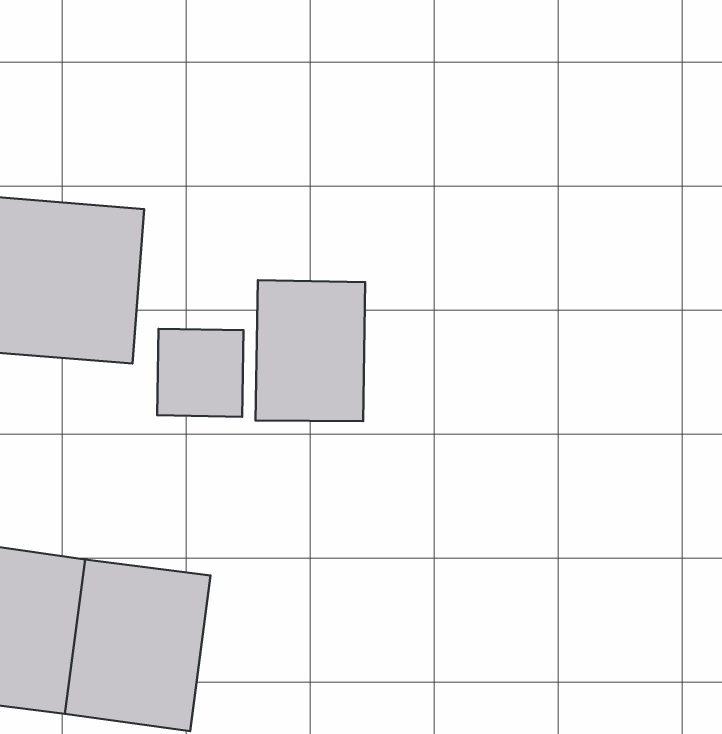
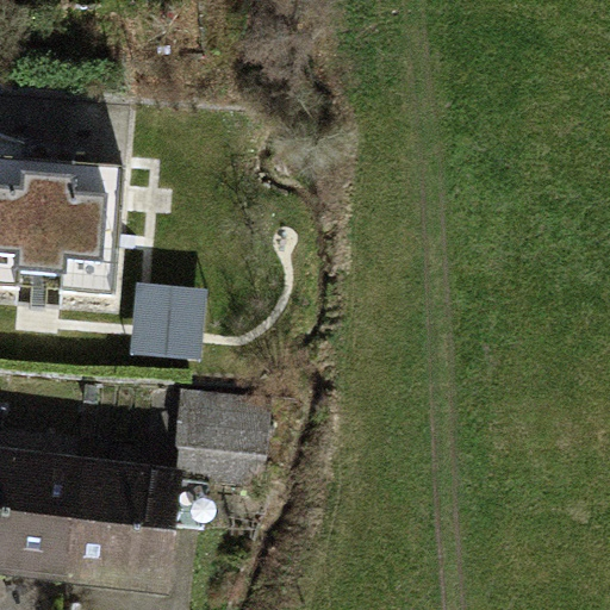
building: [255,280,365,421] -> none
building: none -> [172,386,274,474]

